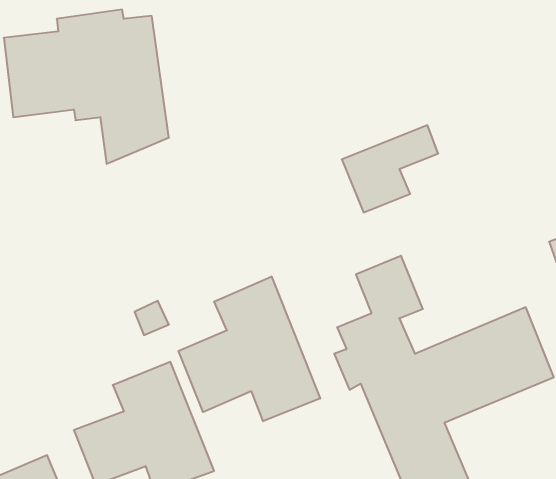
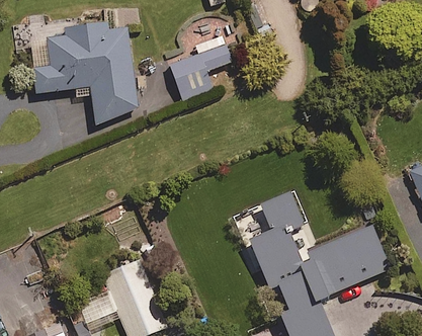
building: [342,125,438,213] -> [169,45,232,101]
building: [179,276,320,421] -> none

